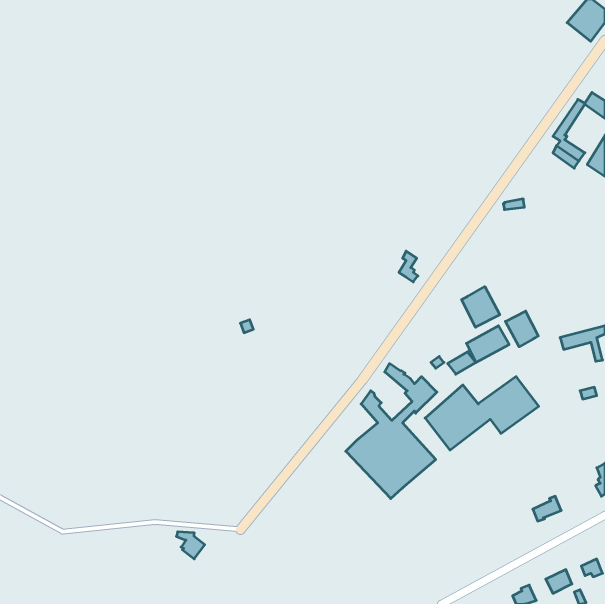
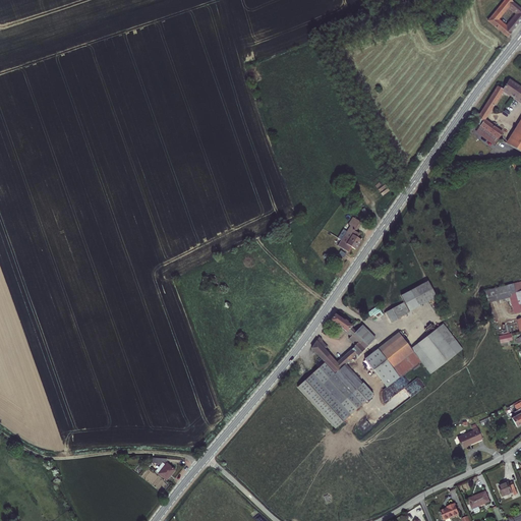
building: [462,287,500,327] -> none
building: [505,311,538,347] -> none

